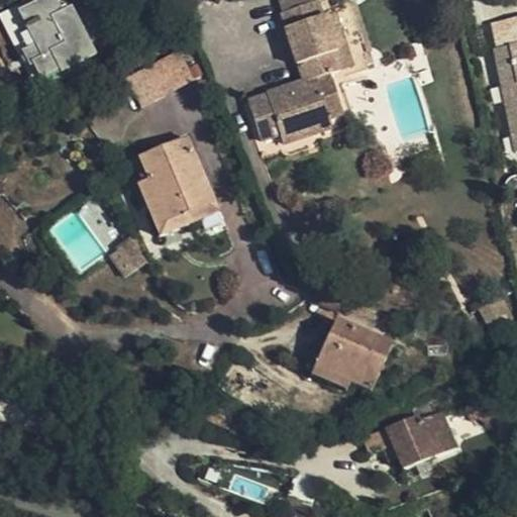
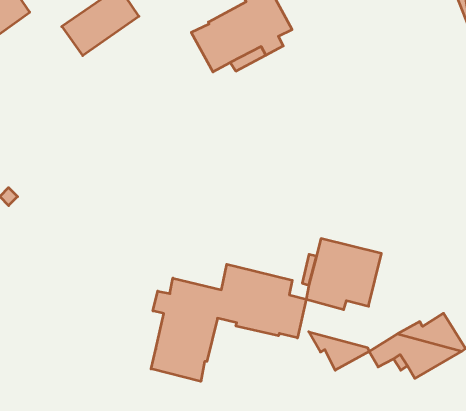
building: [135,136,218,233] -> none
building: none -> [151,264,306,381]
building: none -> [309,332,369,370]

